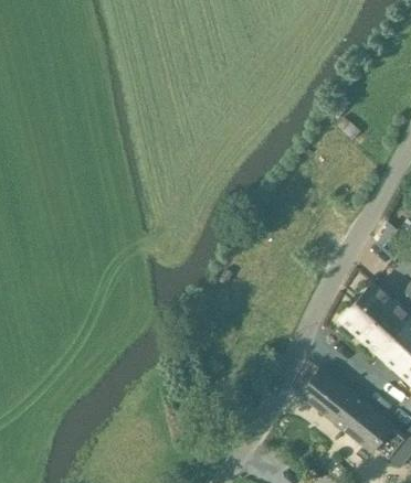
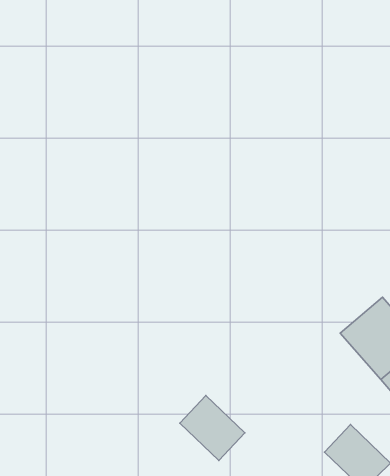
building: [303,372,360,427] -> [180,395,245,460]

